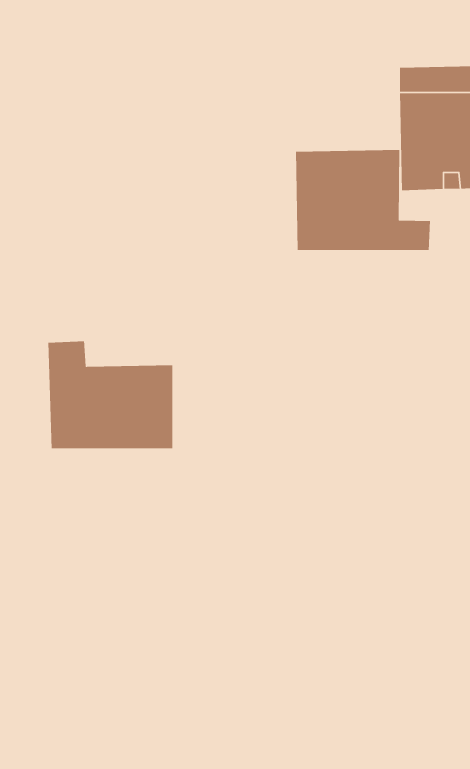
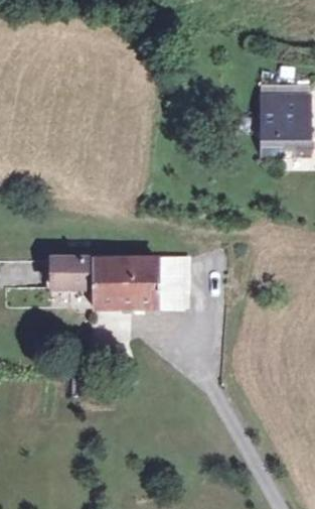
building: [295,149,431,251] -> none
building: none -> [125,256,188,307]

